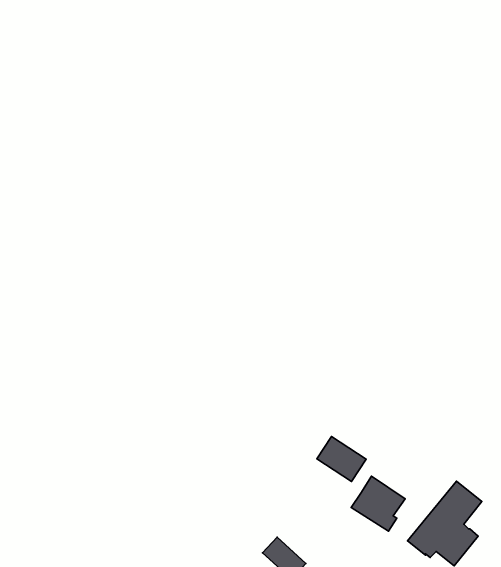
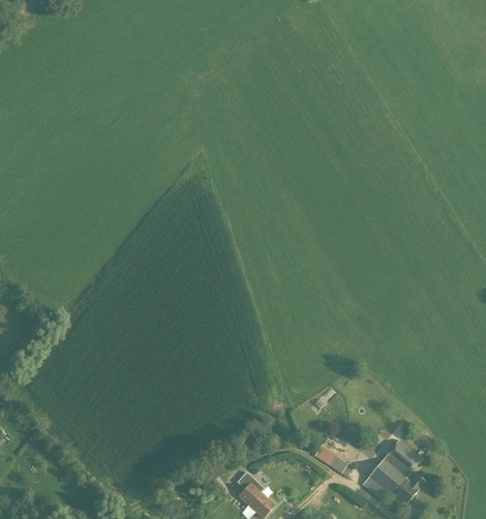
building: [317,436,366,482] -> none

